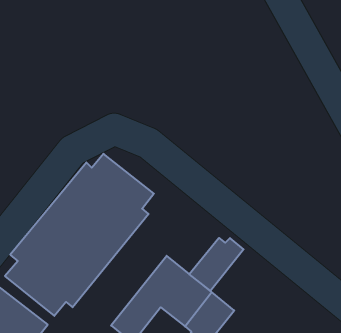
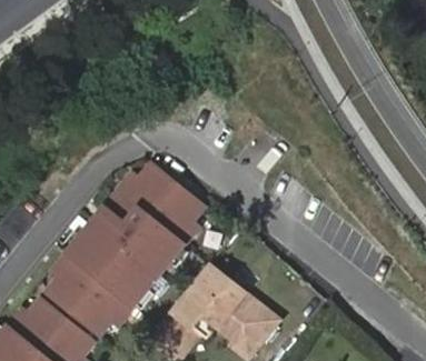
building: [189,238,244,291] -> none

